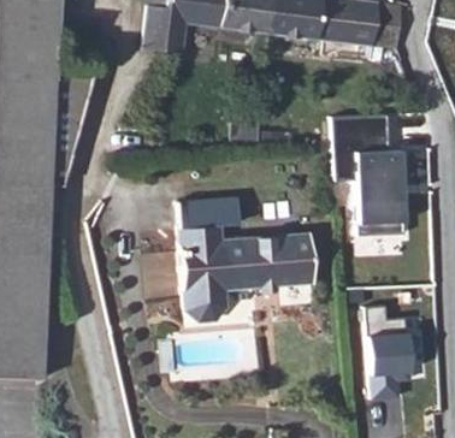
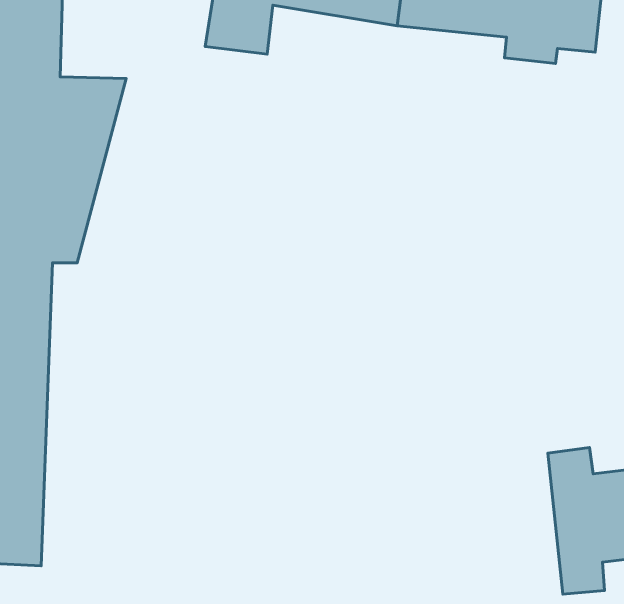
building: [331,114,403,226] -> none
building: [172,196,307,321] -> none

